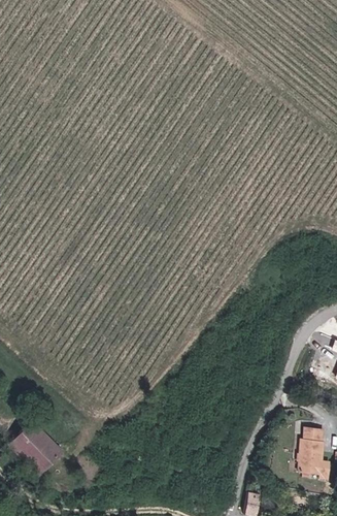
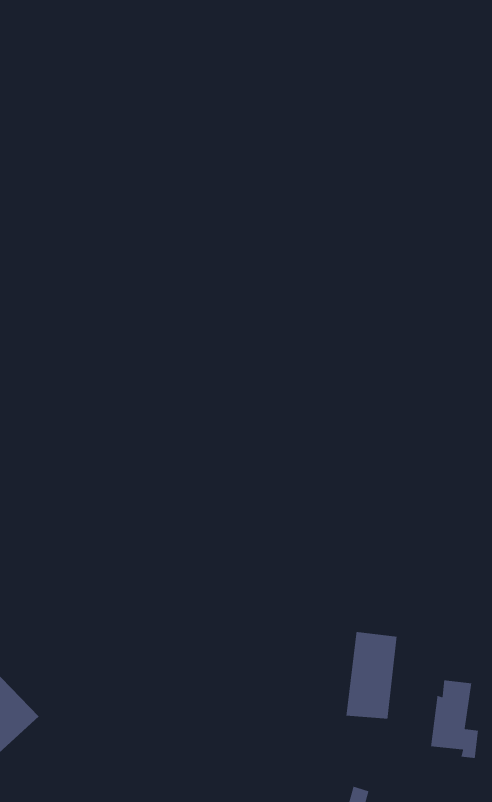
building: none -> [345,631,397,720]

